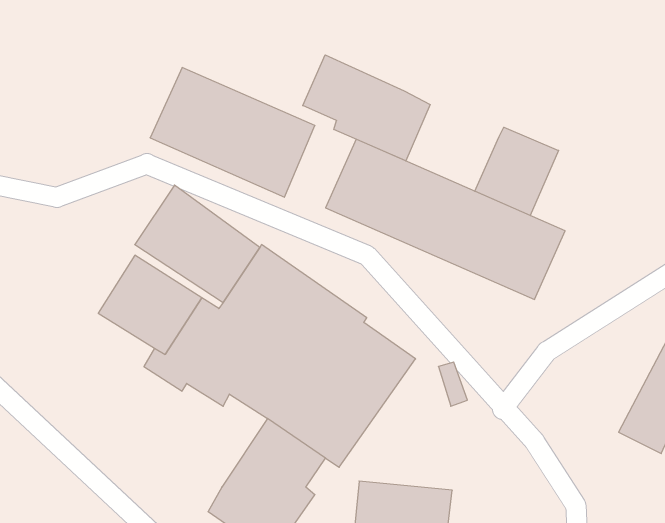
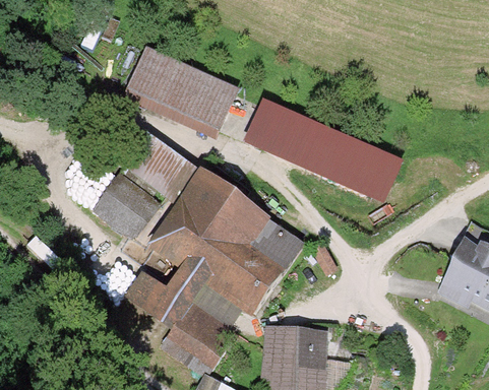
building: [303,55,430,161] -> none
building: [475,127,559,216] -> none
building: none -> [123,267,204,329]

